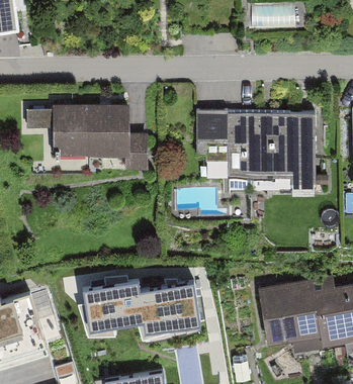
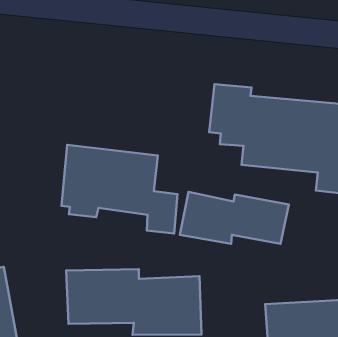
building: [43,106,142,170] -> [61,145,178,234]
building: none -> [180,192,289,244]

